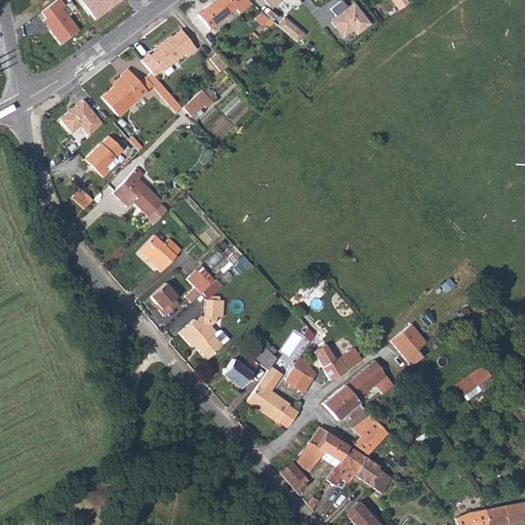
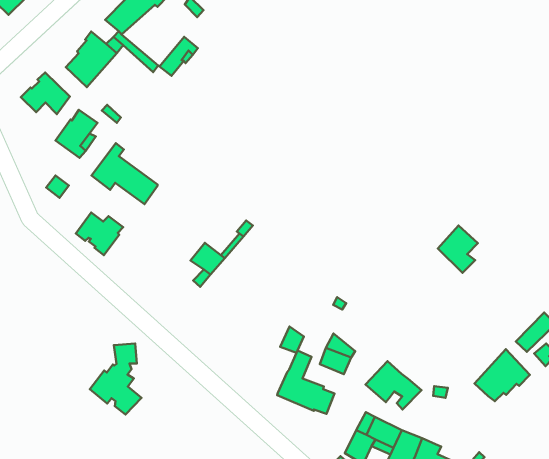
building: [140,234,181,272] -> [76,212,123,255]
building: [151,282,179,316] -> none
building: [179,297,224,358] -> [90,343,141,414]
building: [392,324,427,365] -> [438,225,478,273]
building: [314,340,364,380] -> none
building: [223,358,251,387] -> none
building: [345,360,393,403] -> [474,349,530,401]
building: [352,414,389,453] -> none

